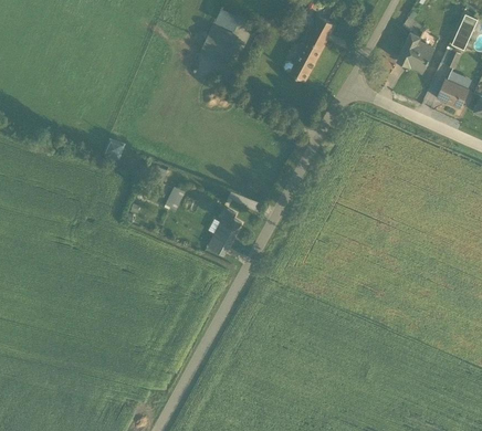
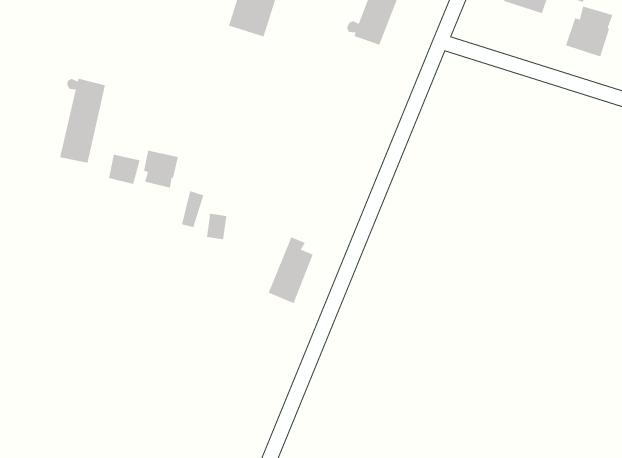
building: none -> [59,78,106,164]
building: none -> [143,150,178,189]

